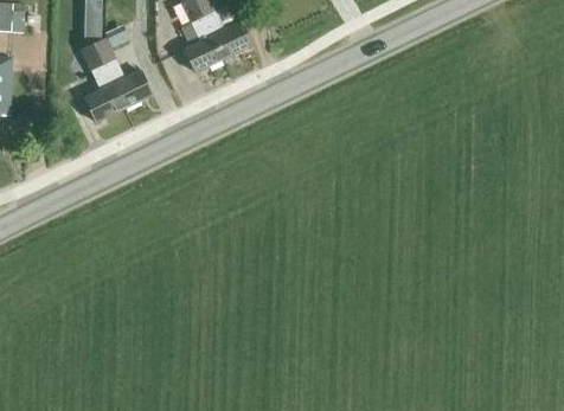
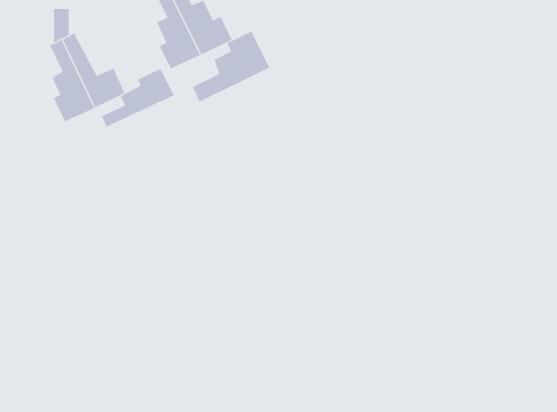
building: none -> [192,31,270,103]
building: none -> [101,68,174,128]

